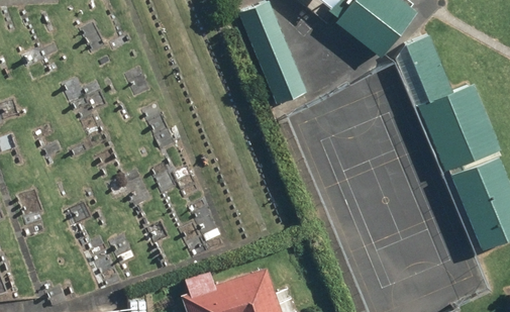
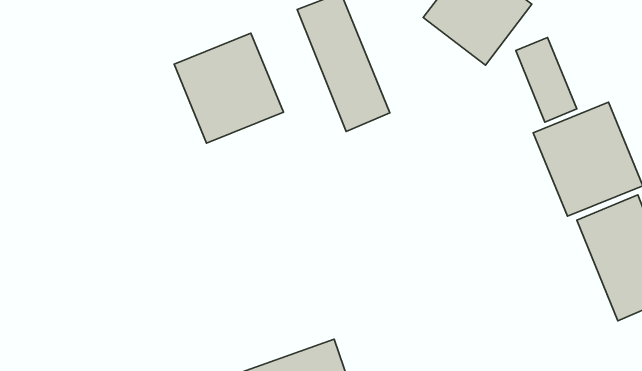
building: none -> [174,33,283,143]

